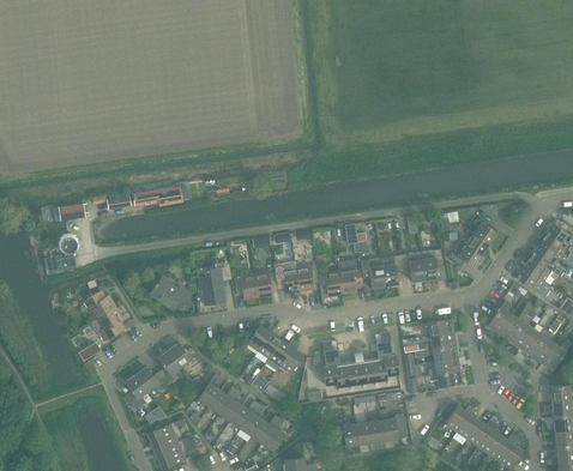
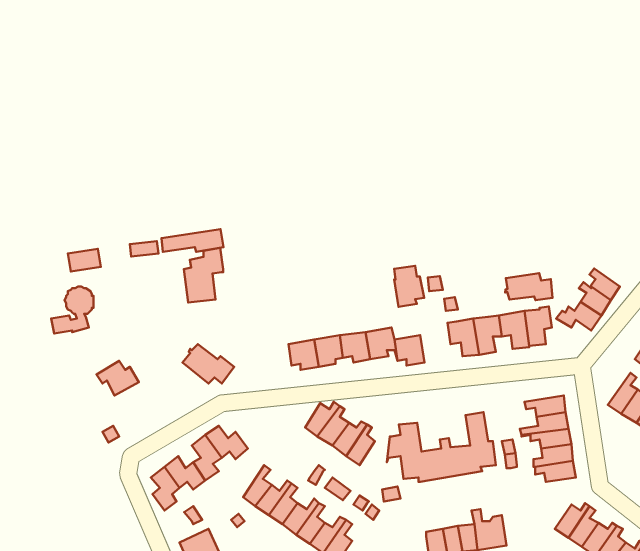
building: none -> [505,273,553,300]
building: [338,260,362,292] -> [394,266,424,307]
building: [200,261,231,304] -> [184,248,223,302]
building: [90,308,122,339] -> none

